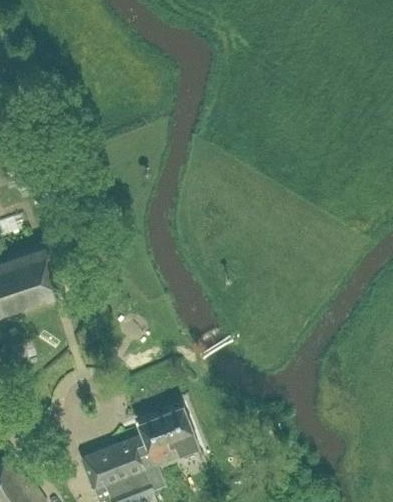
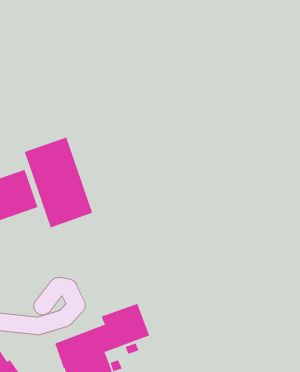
building: none -> [24,136,93,228]

